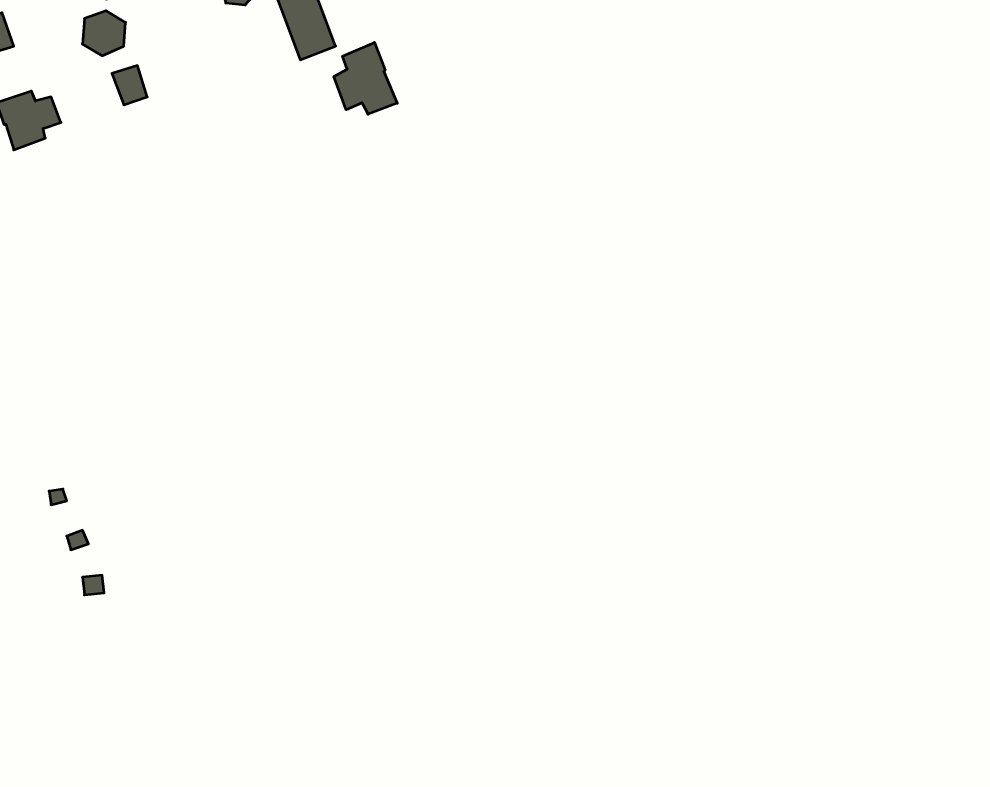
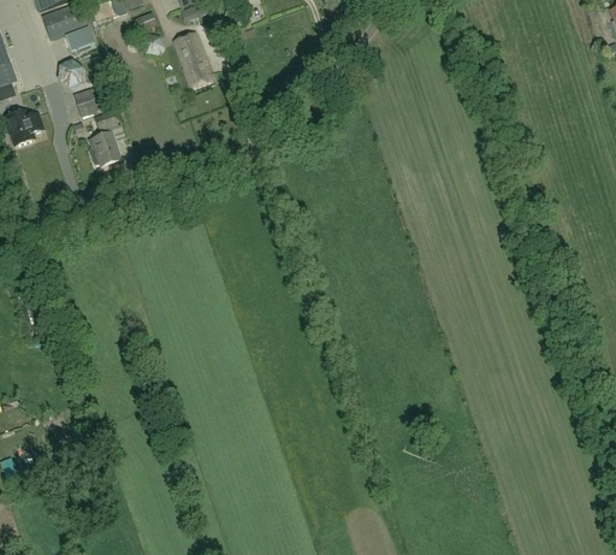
building: [334,42,397,114] -> none
building: none -> [89,110,119,163]

